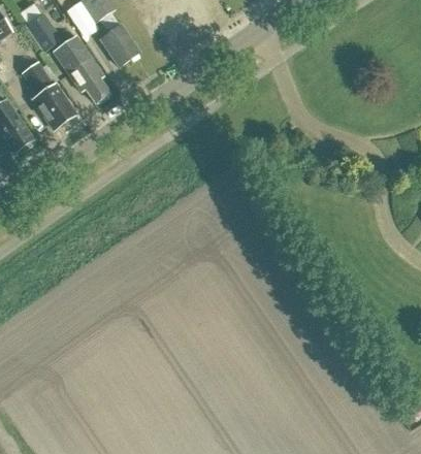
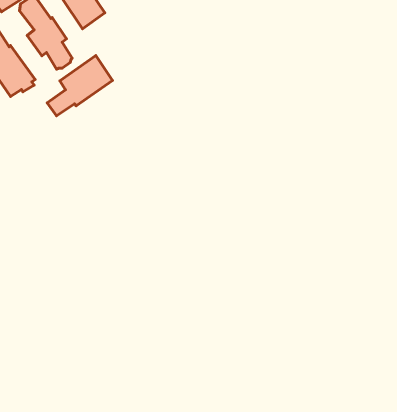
building: none -> [47,56,112,116]

